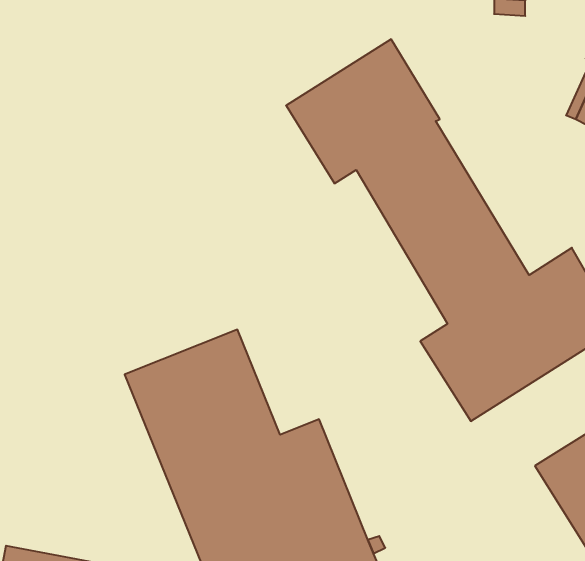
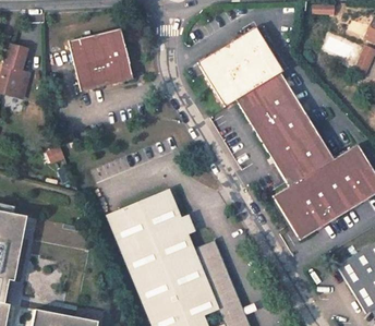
building: none -> [68,28,132,92]

